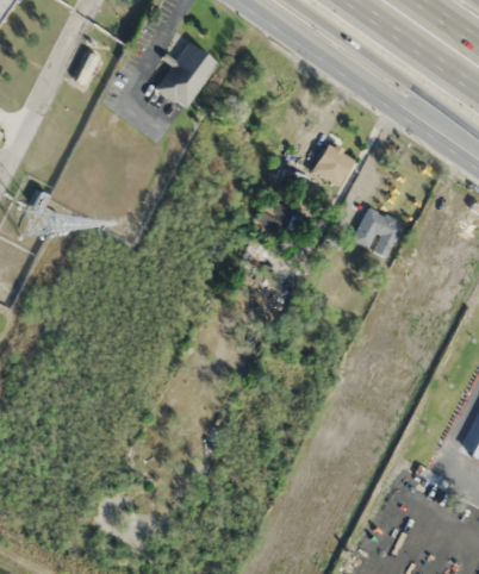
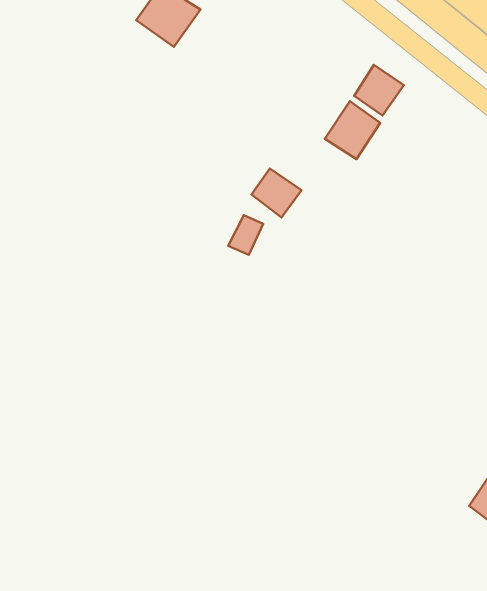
building: none -> [354,65,404,115]
building: [355,206,405,252] -> none

